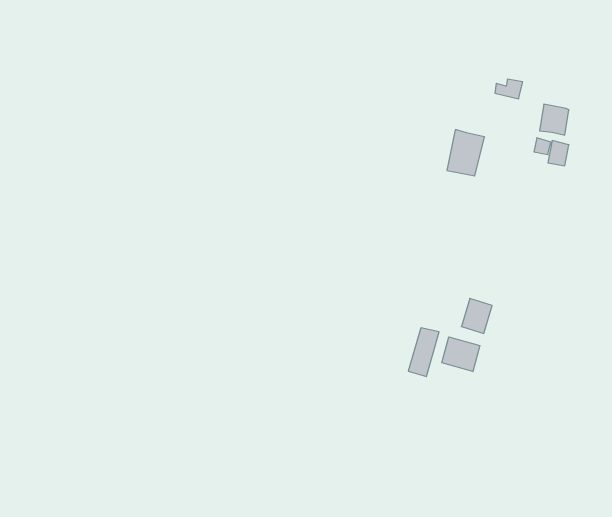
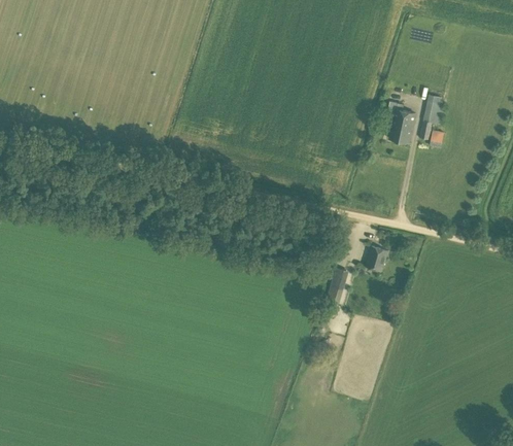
building: [447,130,485,176] -> [387,107,415,141]
building: [442,337,480,372] -> none

